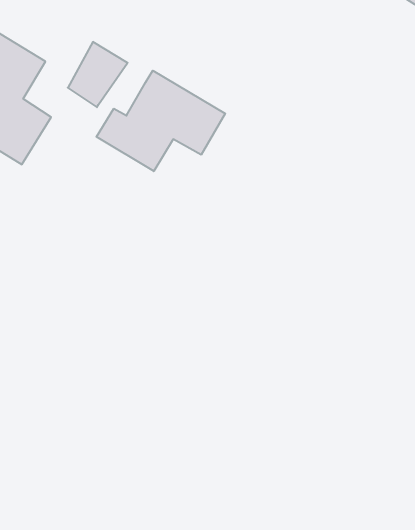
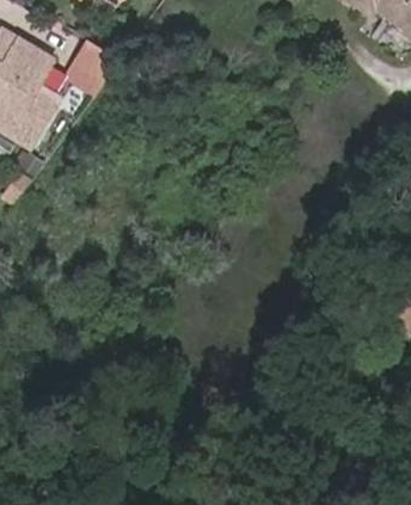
building: [96,71,225,171] -> none

